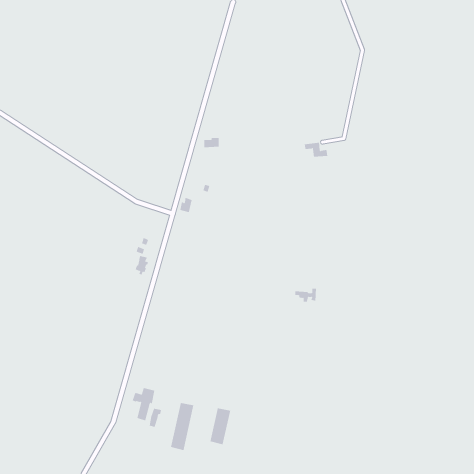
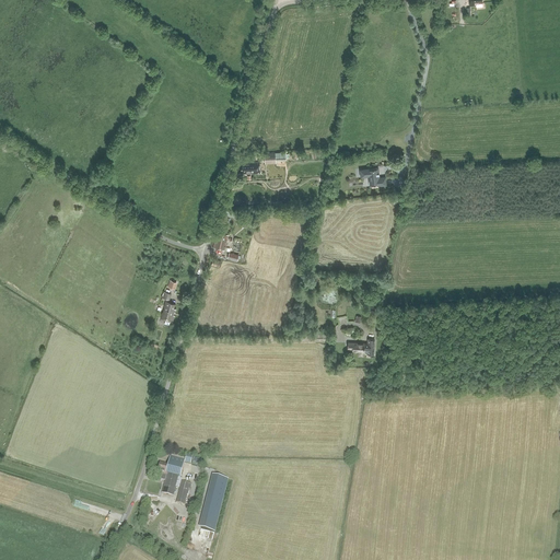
building: [210,408,231,445] -> none

